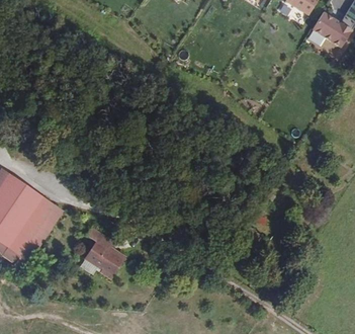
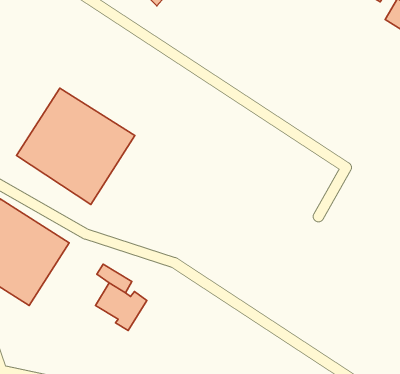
building: none -> [17,88,135,205]

